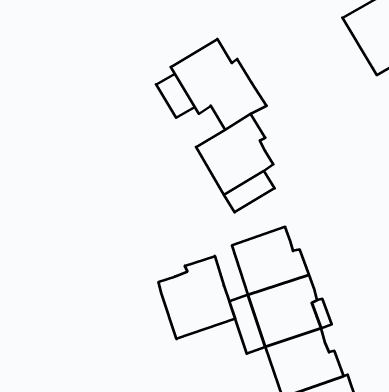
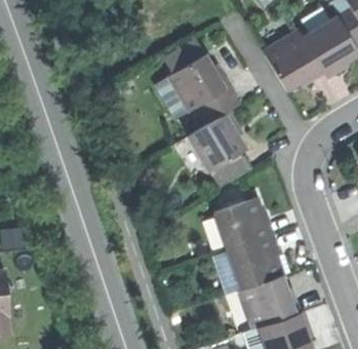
building: none -> [263,31,323,89]
building: [159,256,235,339] -> none

